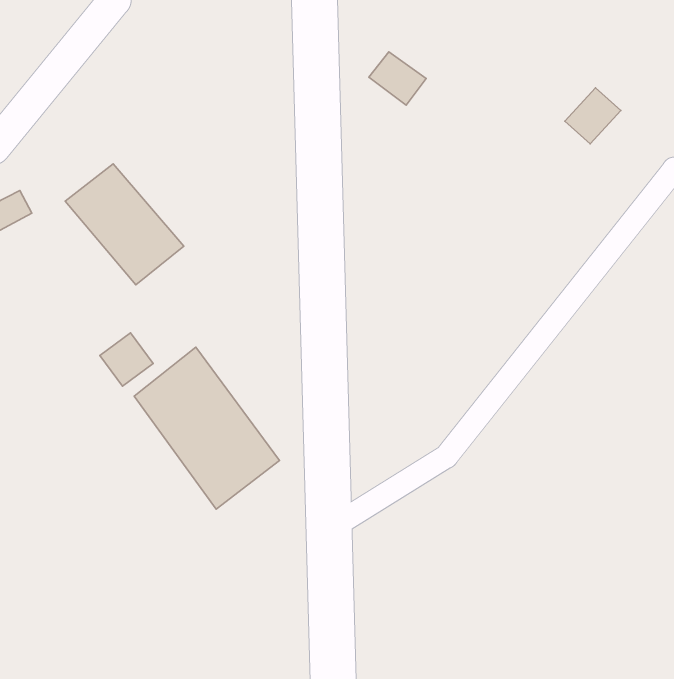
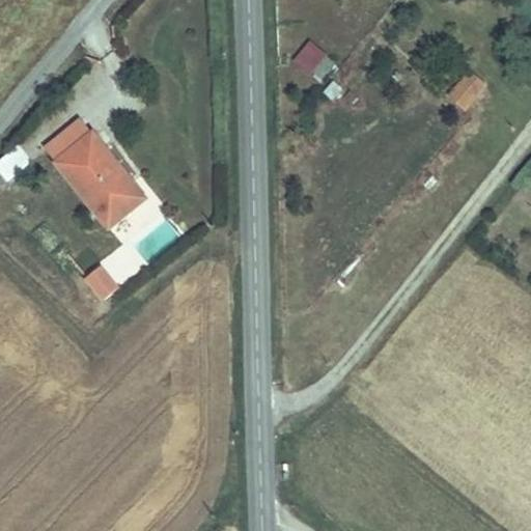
building: [134,347,279,509] -> none

